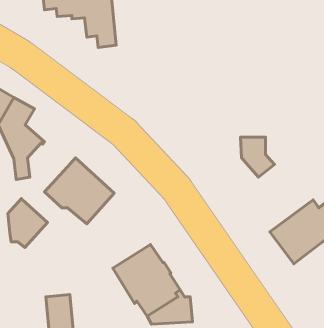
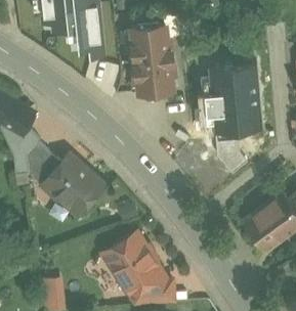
building: none -> [130,24,174,93]
building: none -> [205,62,262,131]
building: [8,199,48,248] -> [26,142,61,186]

